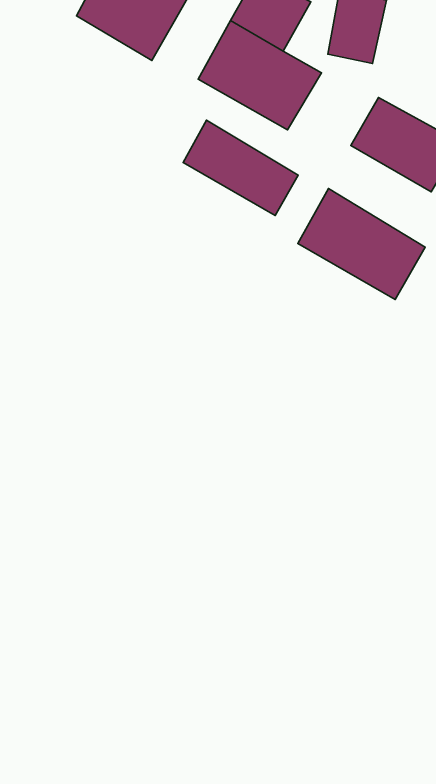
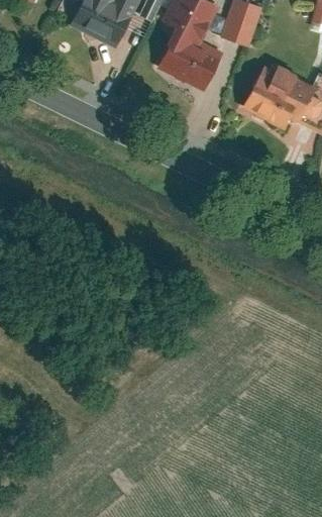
building: [183,120,298,215] -> none
building: [298,189,425,300] -> none

